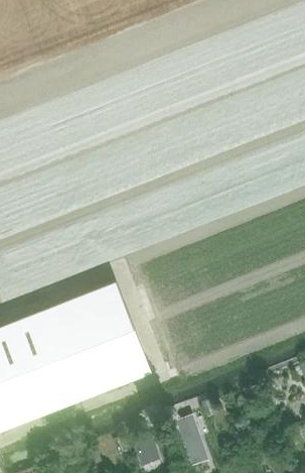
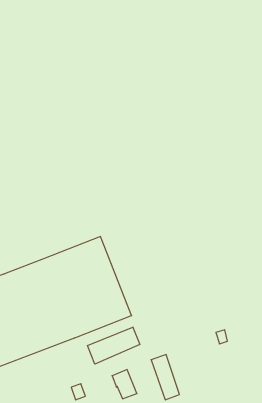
building: none -> [87,327,140,364]

